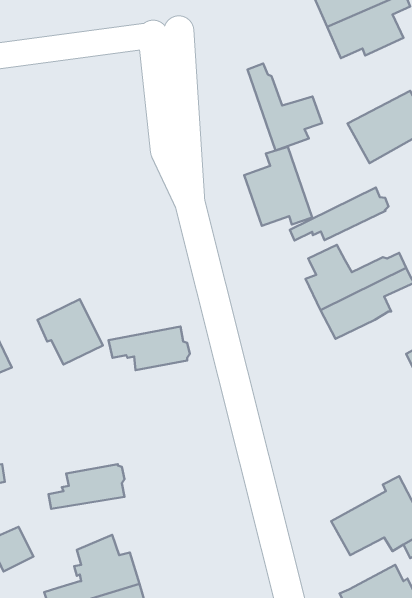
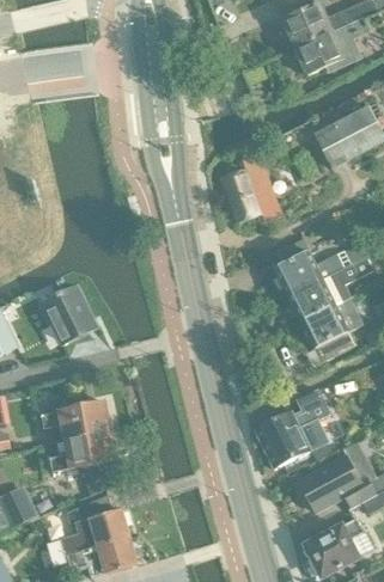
building: [248,63,322,151] -> none
building: [290,187,388,240] -> none
building: none -> [303,296,364,360]
building: [108,326,190,370] -> [42,400,114,439]
building: none -> [255,387,330,467]

